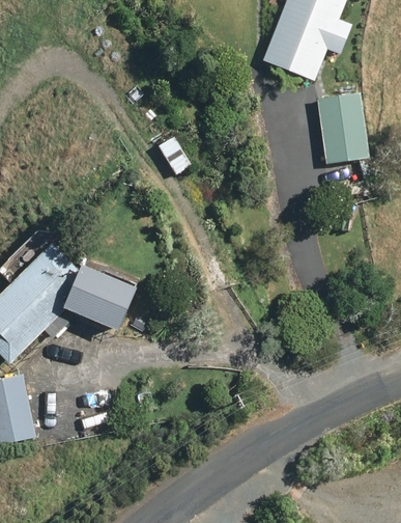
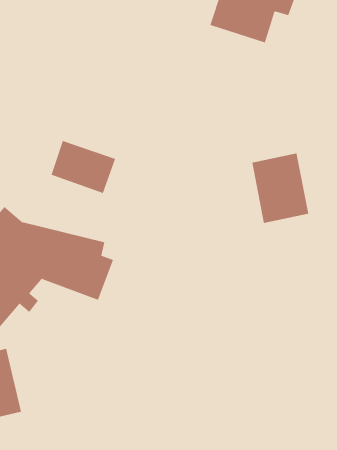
building: [315,93,370,163] -> [251,153,309,223]
building: none -> [51,140,116,194]

